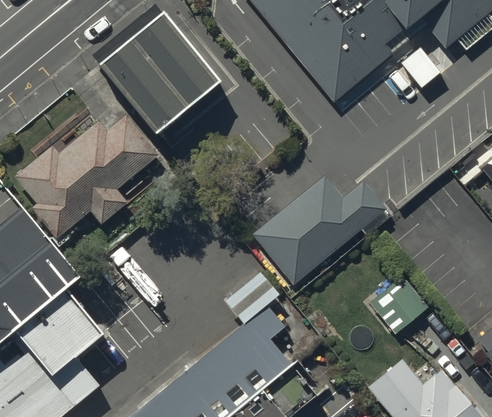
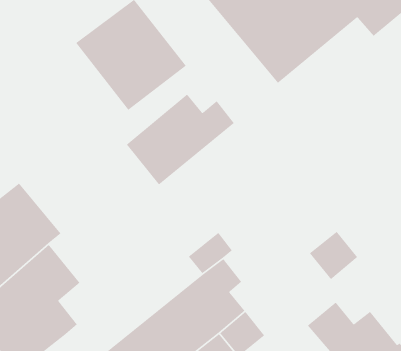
building: [13,112,153,232] -> none
building: [253,176,381,284] -> [126,93,235,185]

